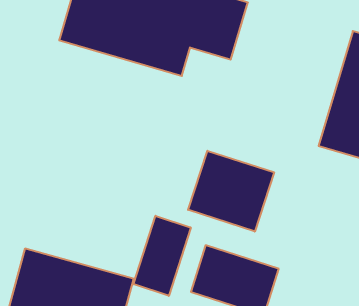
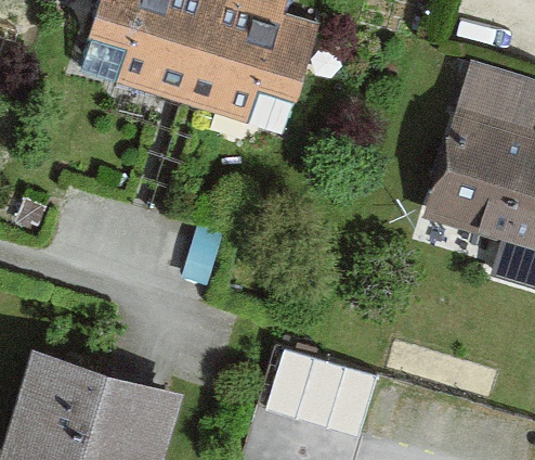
building: [188,151,274,232] -> none
building: [134,216,191,296] -> none

